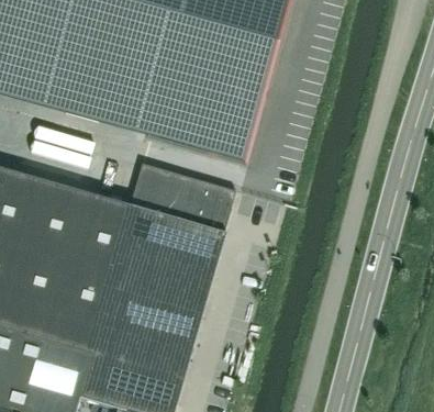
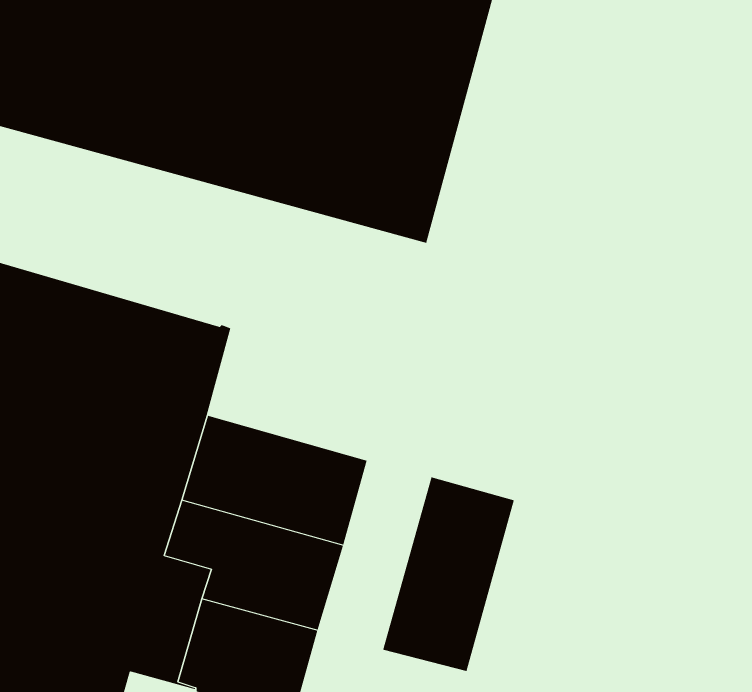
building: [121,164,233,281] -> none
building: none -> [382,476,514,672]

